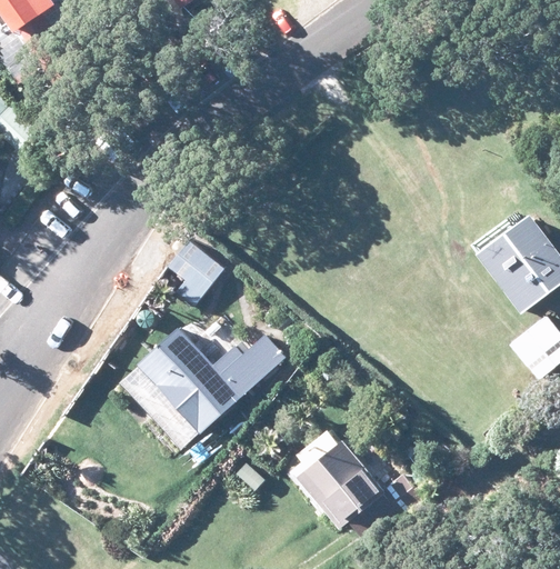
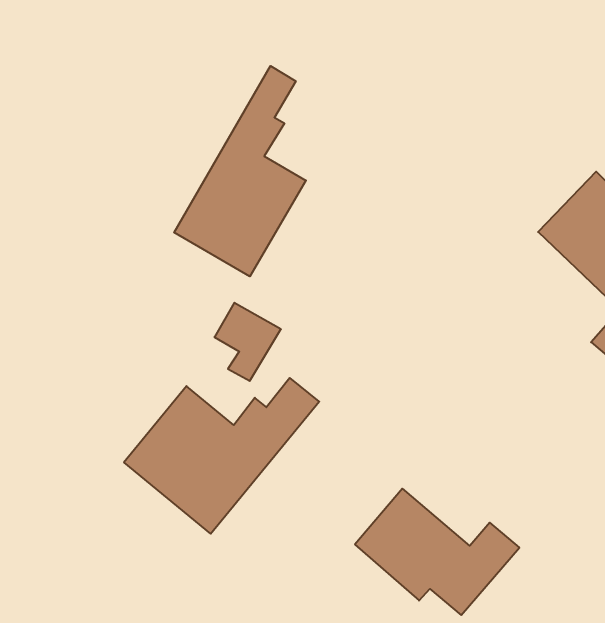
building: none -> [174,66,306,276]
building: [168,241,221,305] -> [214,303,281,381]

